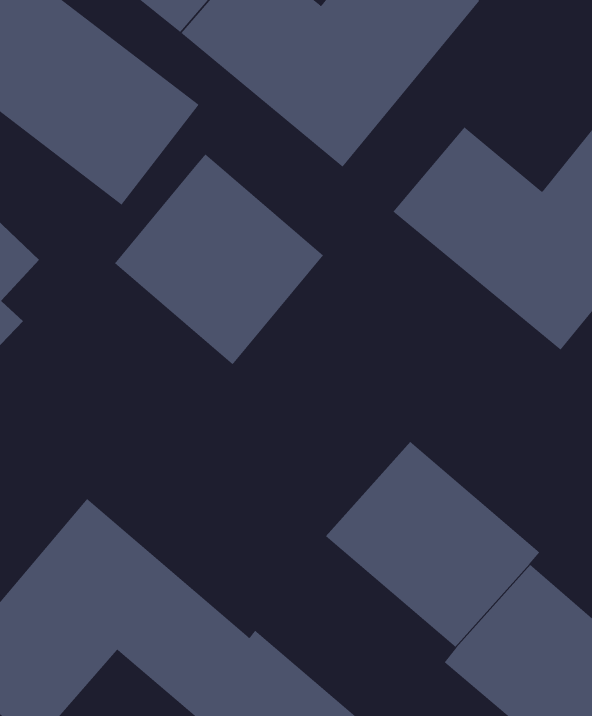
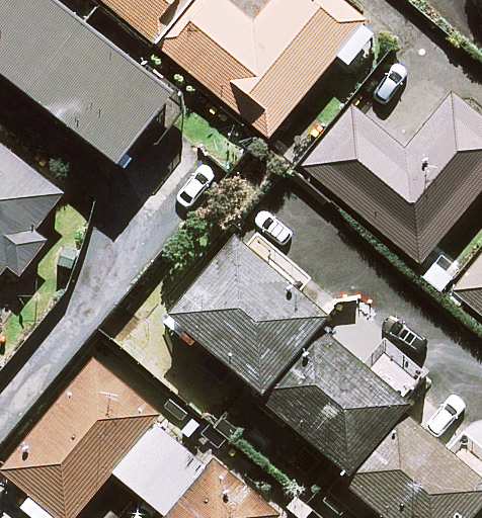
building: [114,153,324,365] -> none
building: none -> [163,225,331,391]

